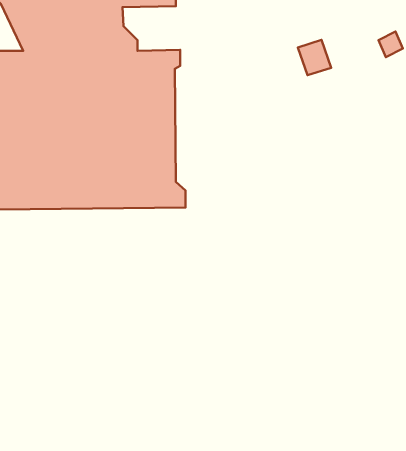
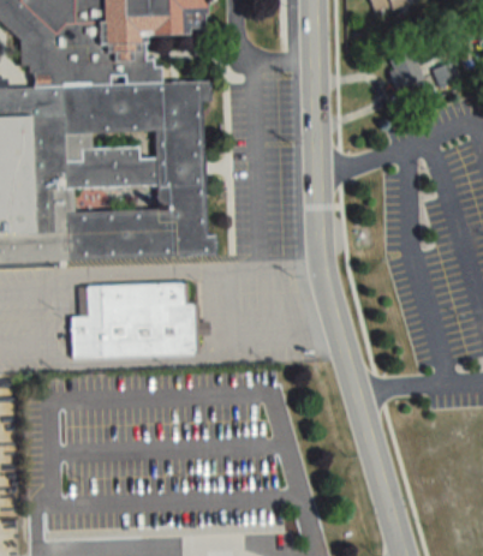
building: [298,40,331,75] -> [387,49,424,89]
building: none -> [71,285,195,358]

